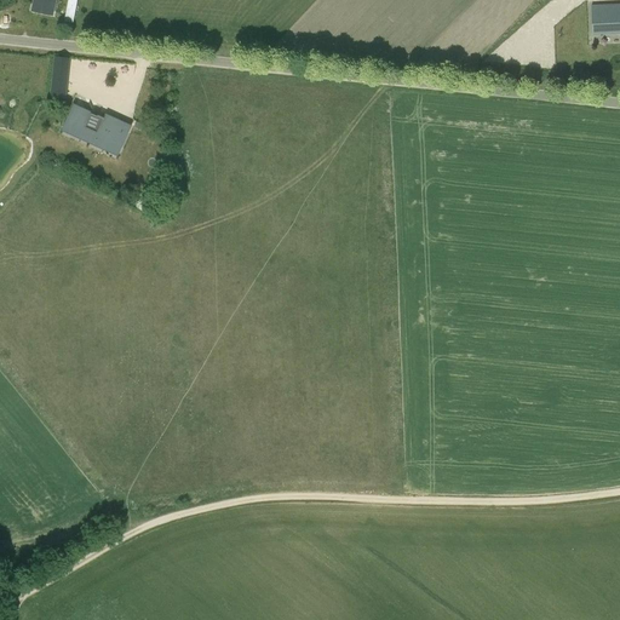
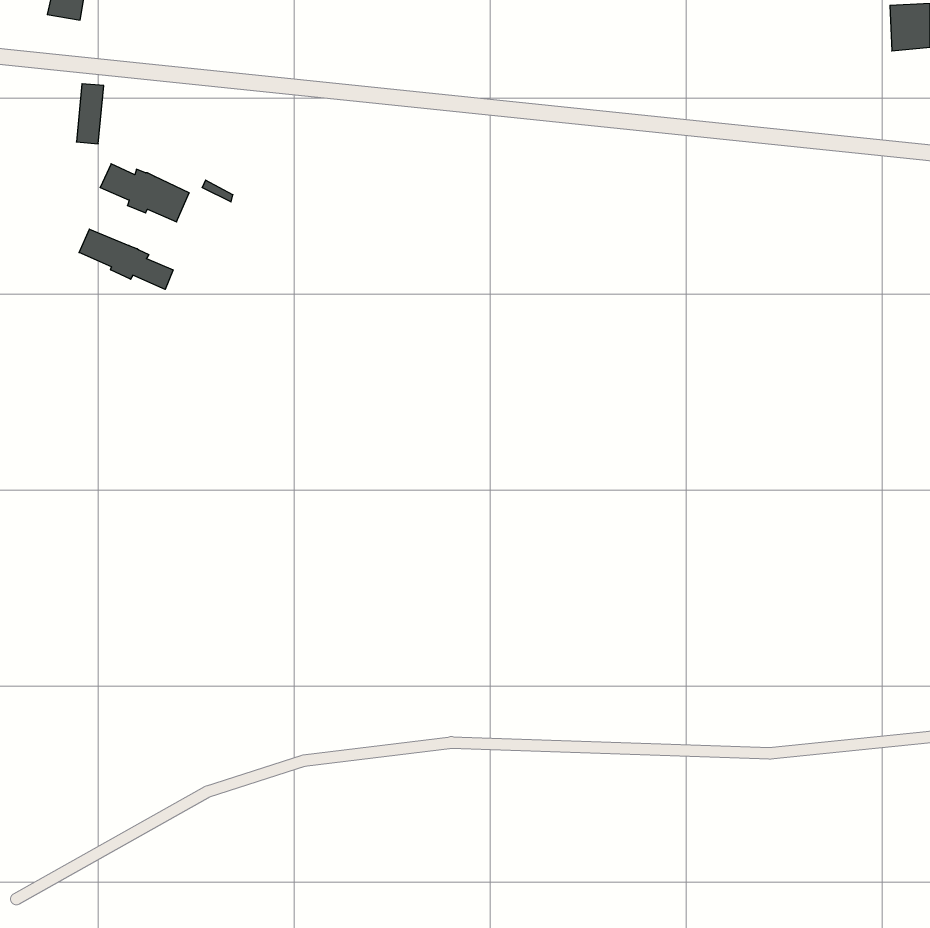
building: none -> [79,229,173,289]

